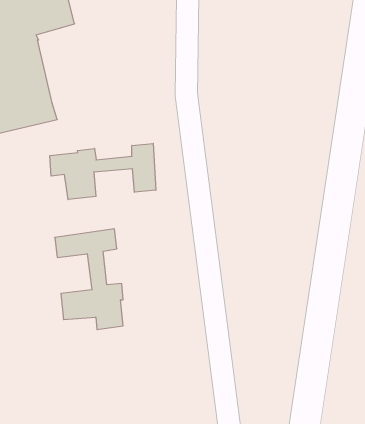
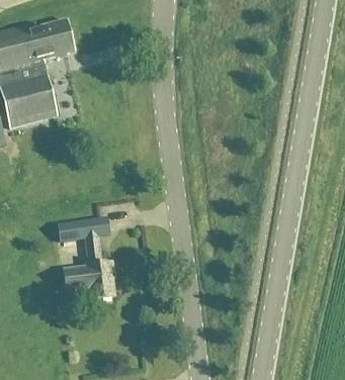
building: [50,143,156,200] -> none

